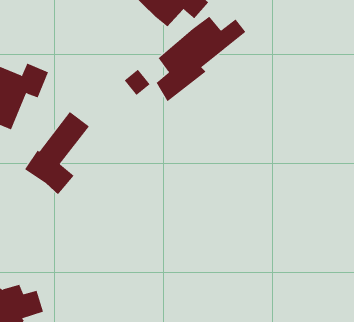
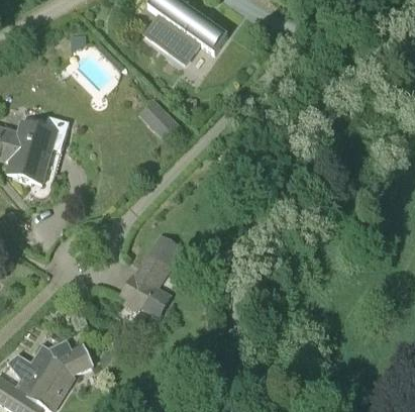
building: [156,16,246,102] -> none
building: [24,111,90,195] -> [121,231,183,317]

